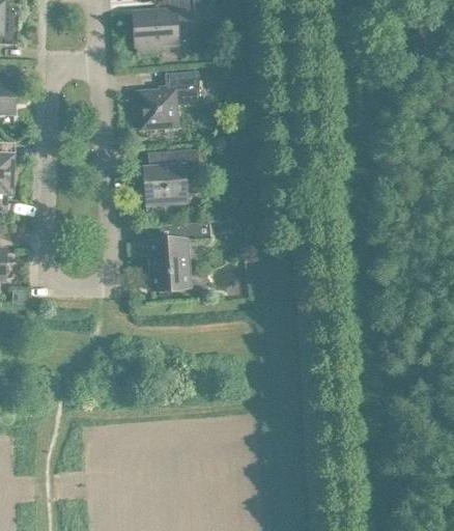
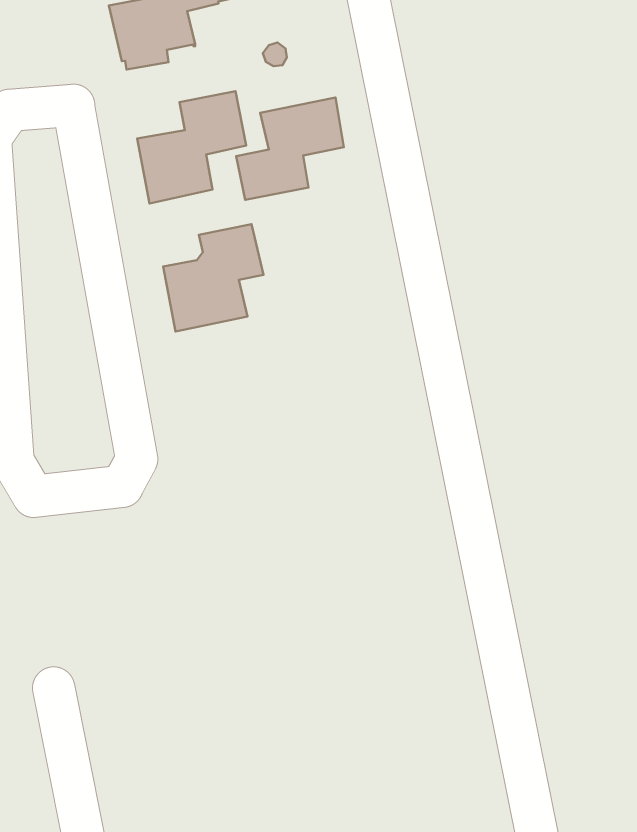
building: none -> [236,97,344,200]
building: [148,221,210,291] -> none

